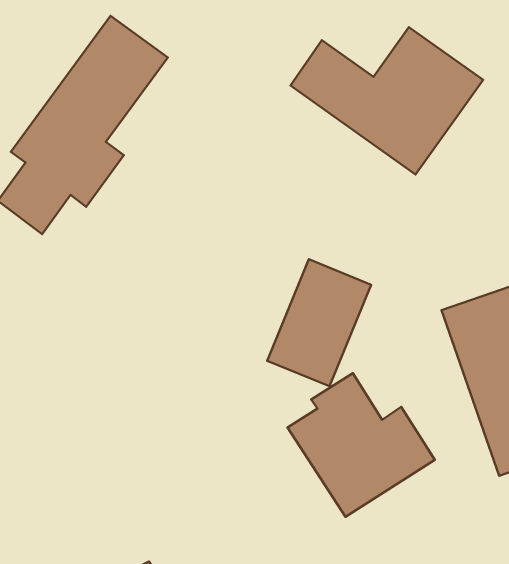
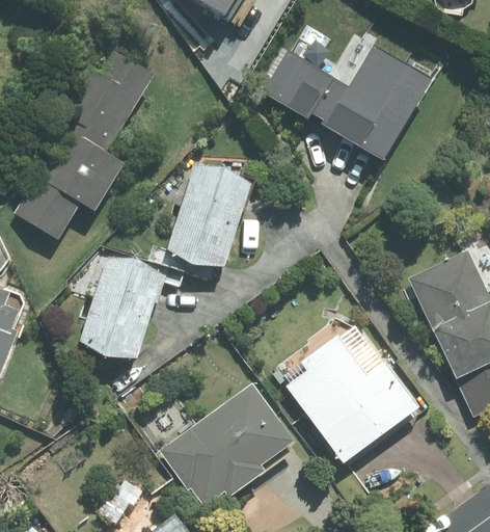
building: [267,259,371,386] -> [166,162,251,271]
building: none -> [81,258,163,360]
building: none -> [161,384,292,507]

